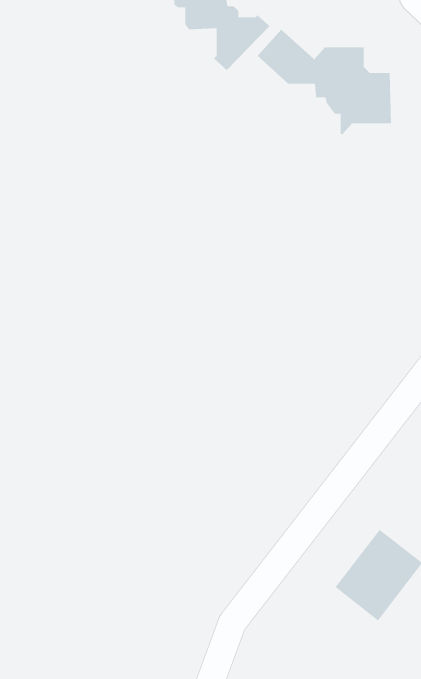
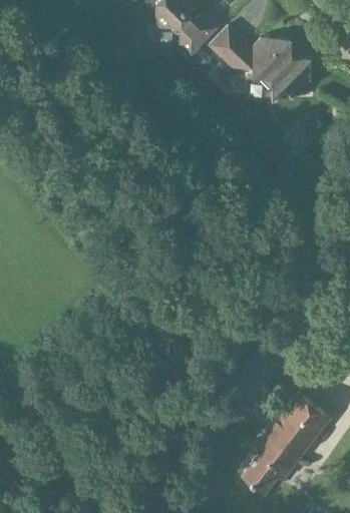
building: none -> [244,437,299,494]

